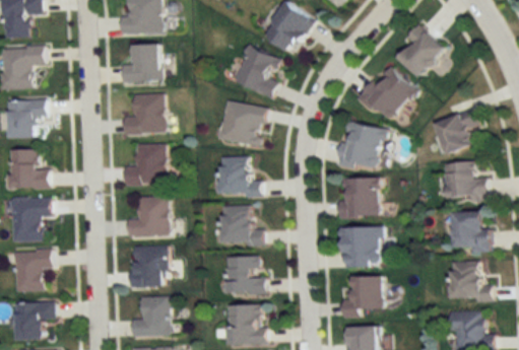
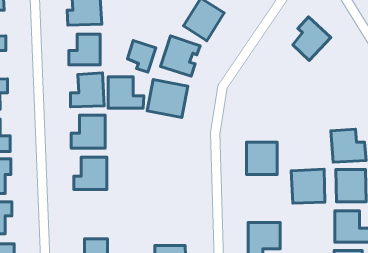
building: none -> [127,41,156,72]
building: [356,65,415,124] -> none
building: [433,110,480,154] -> none
building: [337,121,384,171] -> none
building: [218,157,262,196] -> [108,77,144,108]
building: [221,206,263,244] -> none
building: [339,225,381,267] -> [291,169,325,203]
building: [129,247,166,287] -> none
building: [224,256,265,295] -> none

